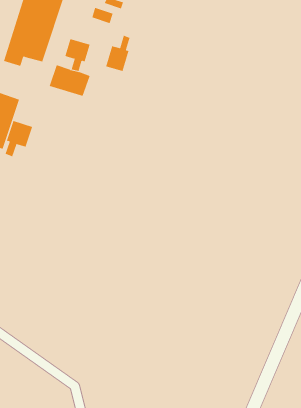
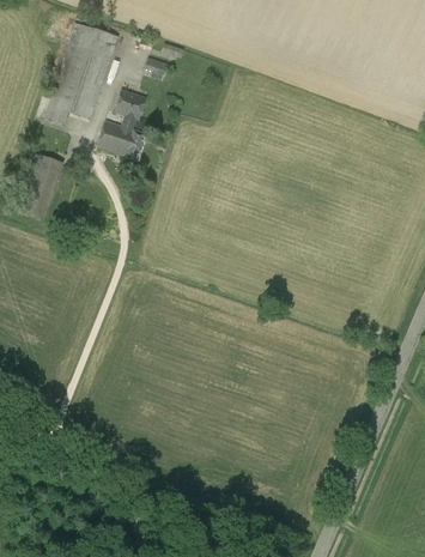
building: [106,35,130,72] -> none
building: [5,120,33,157] -> none

